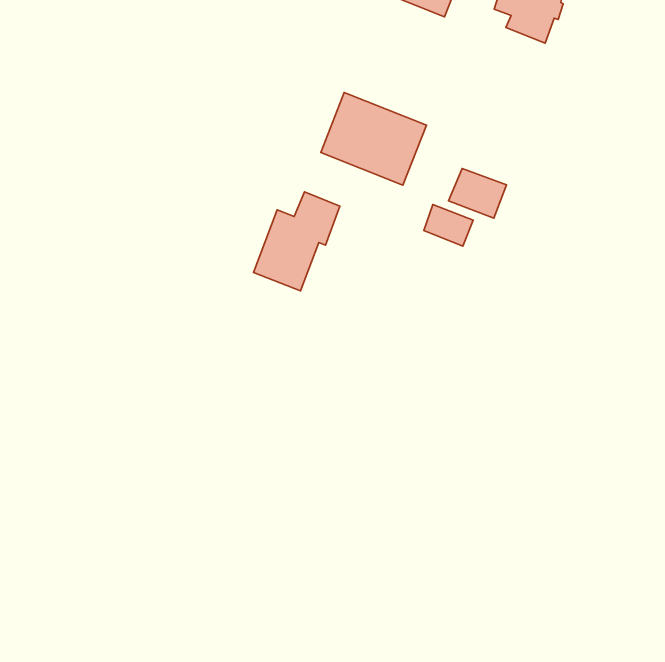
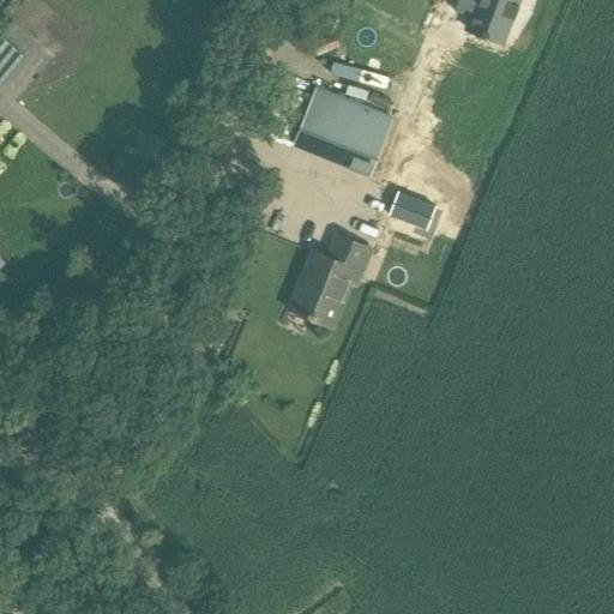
building: [449,168,507,218] -> none
building: [254,192,340,291] -> [293,230,372,321]

